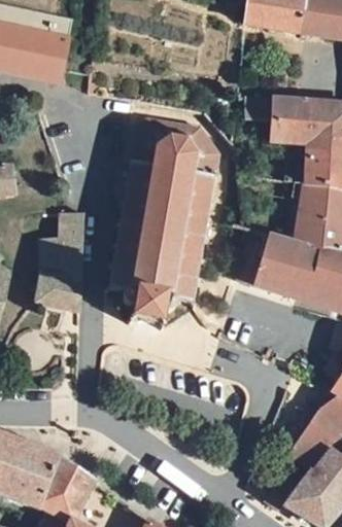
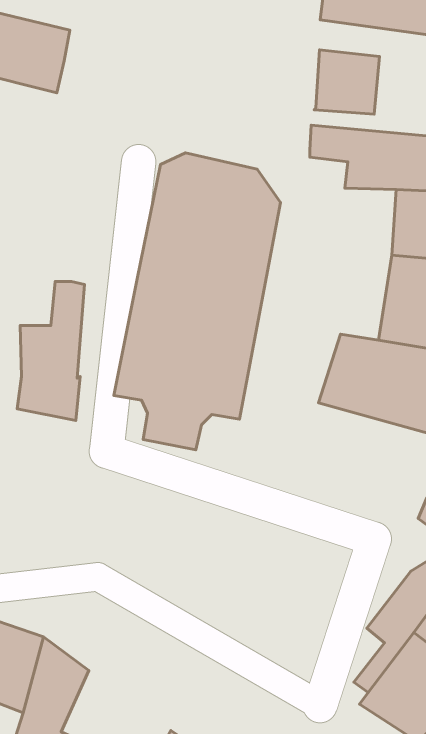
building: none -> [314,50,379,114]

